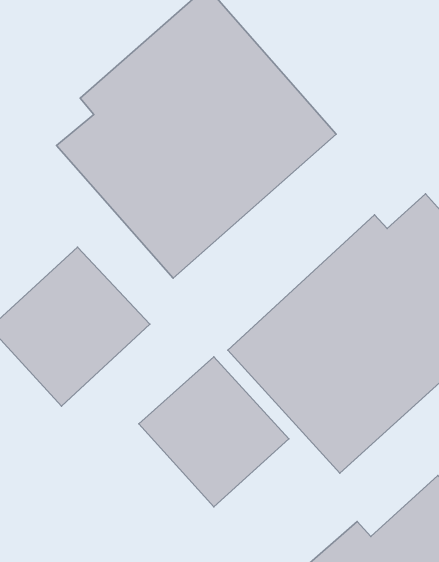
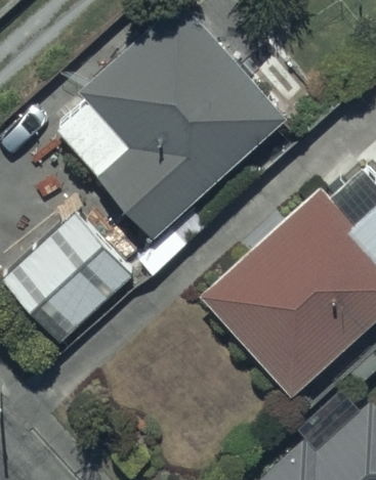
building: [139,357,289,507] -> none

